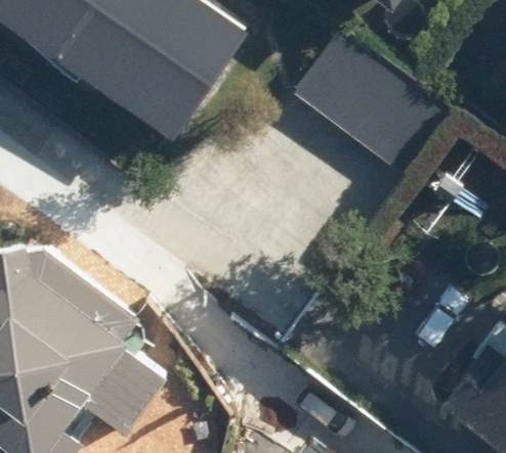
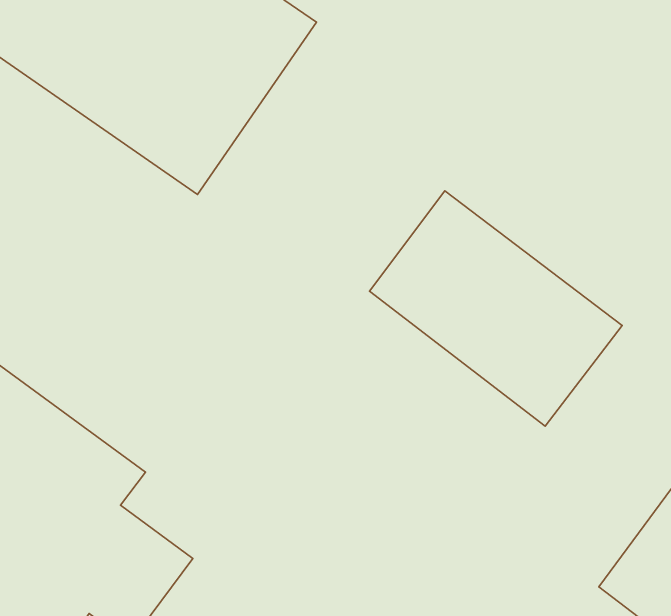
building: [297,27,462,180] -> [370,191,622,426]

